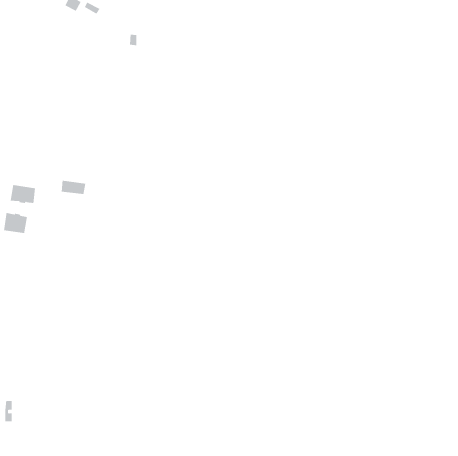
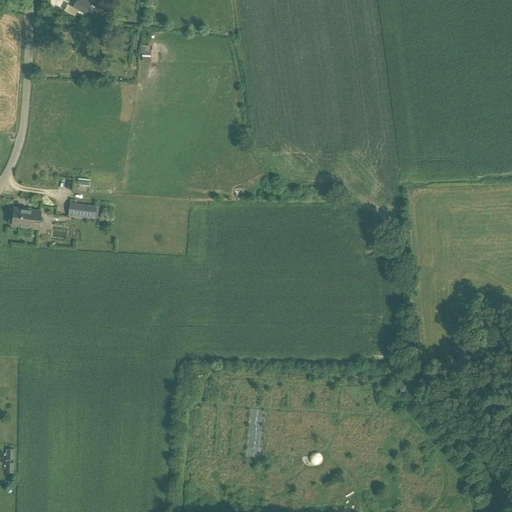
building: [4,212,28,234] -> none

